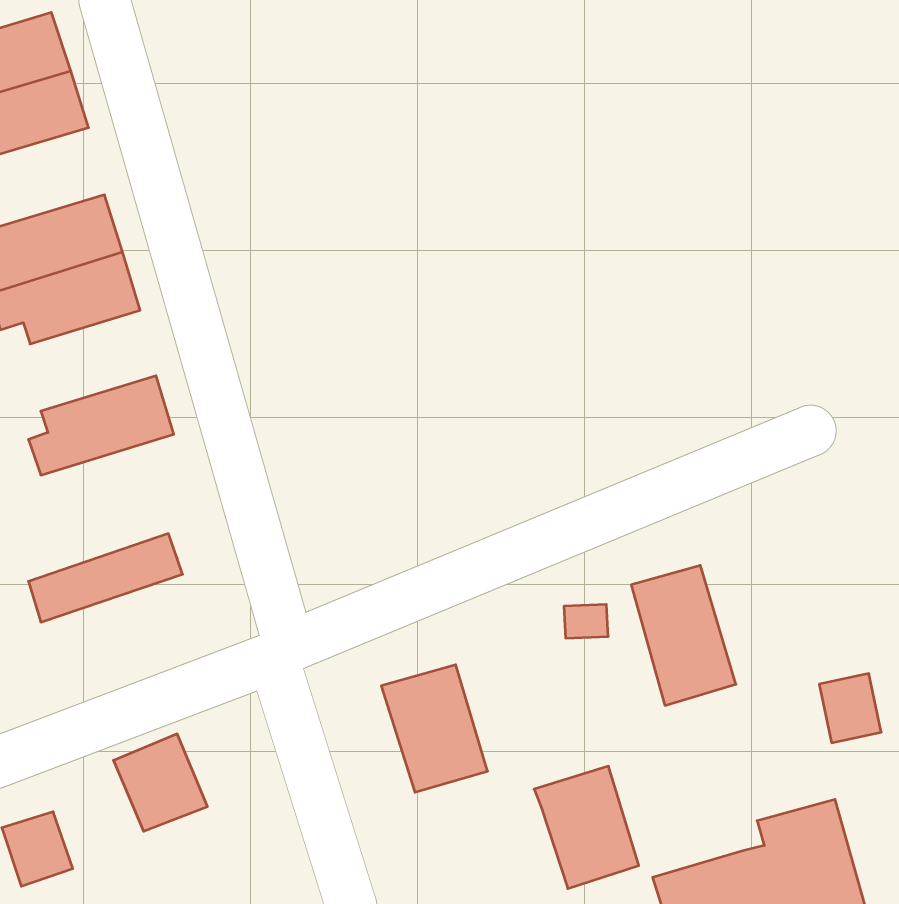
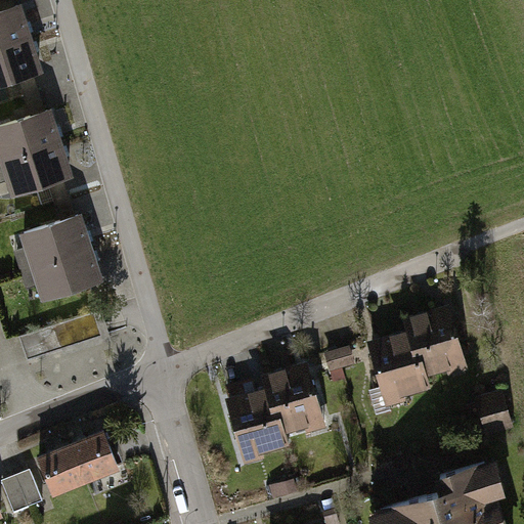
building: none -> [24,252,111,304]
building: none -> [401,304,464,375]
building: none -> [33,440,83,496]
building: [534,766,639,889] -> [259,361,319,432]

